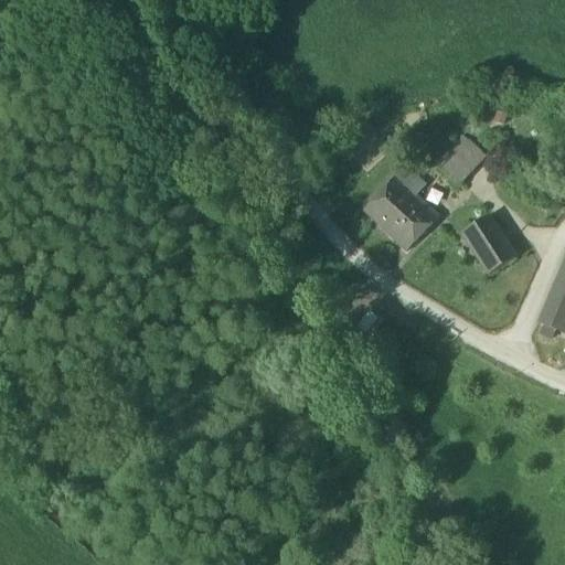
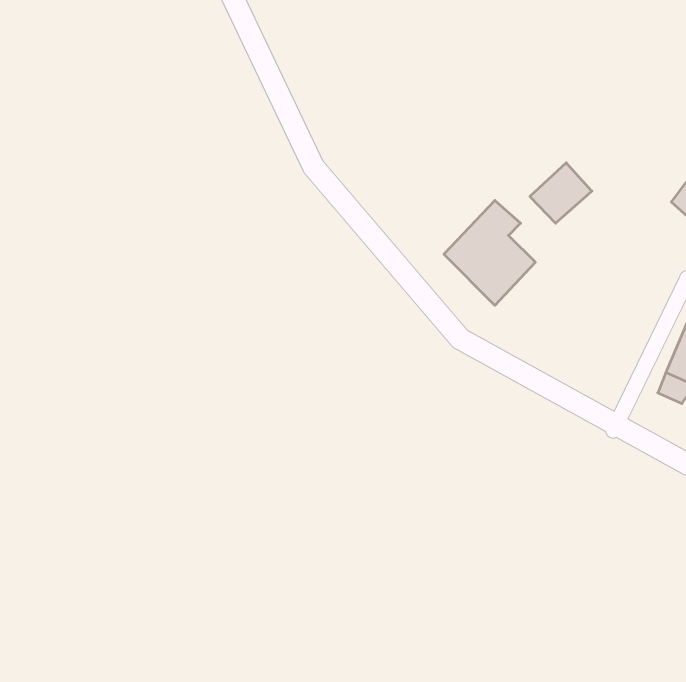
building: [462,214,519,275] -> none

